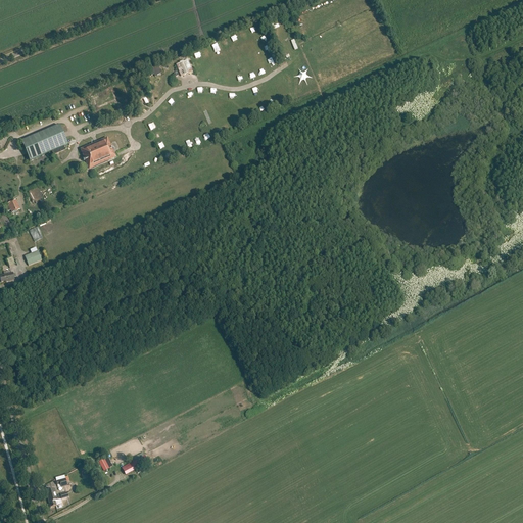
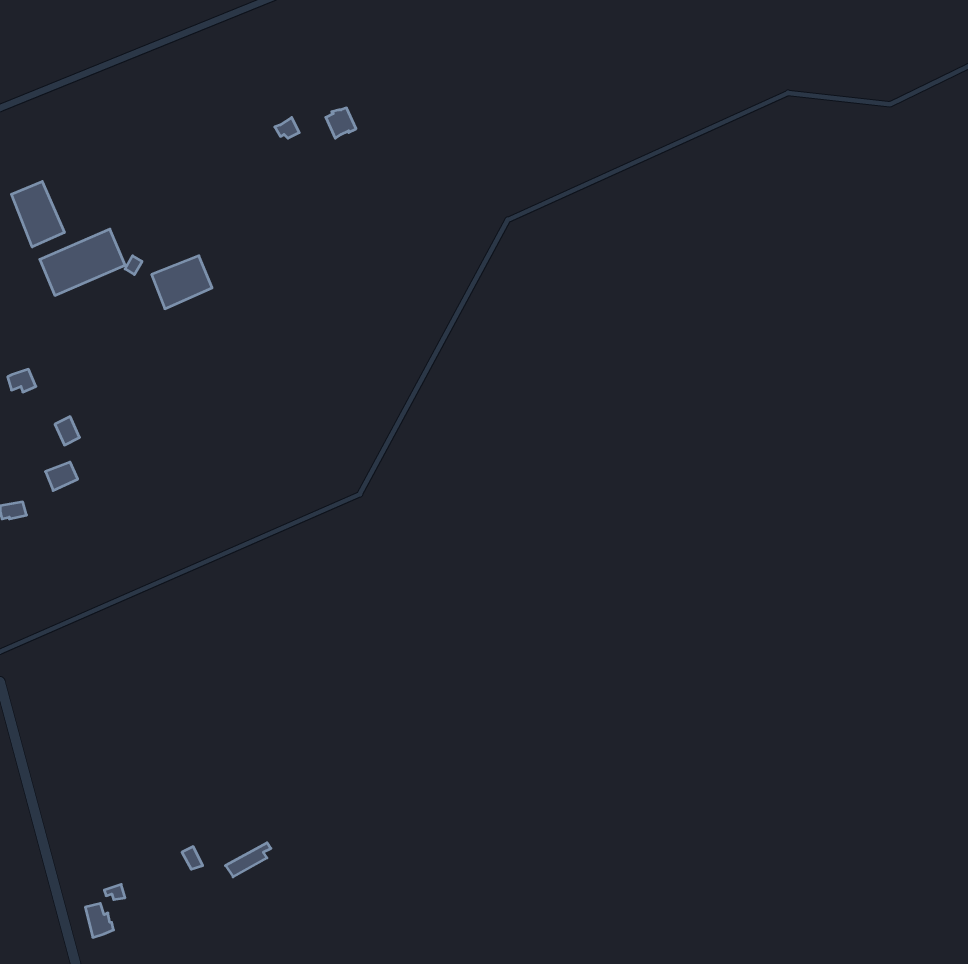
building: none -> [11,181,64,247]

